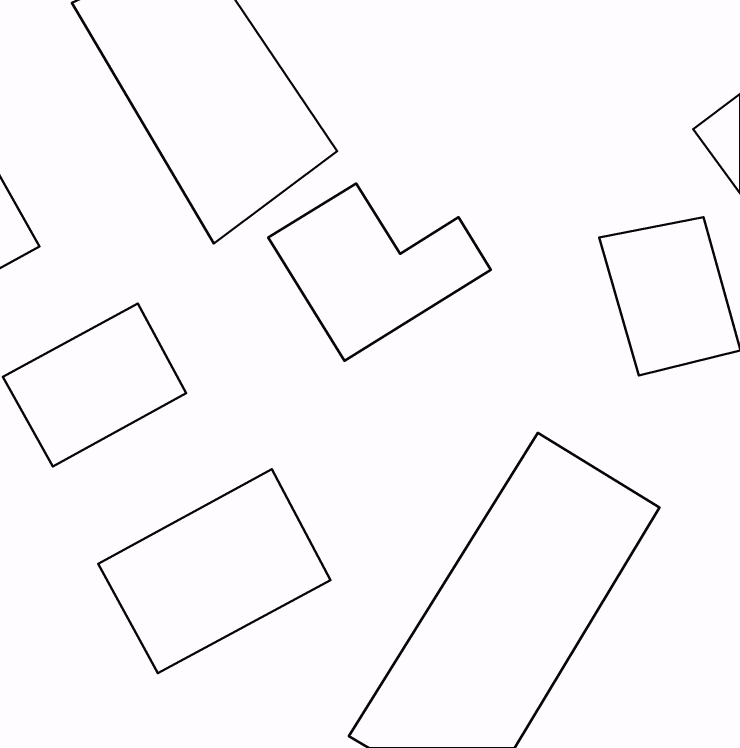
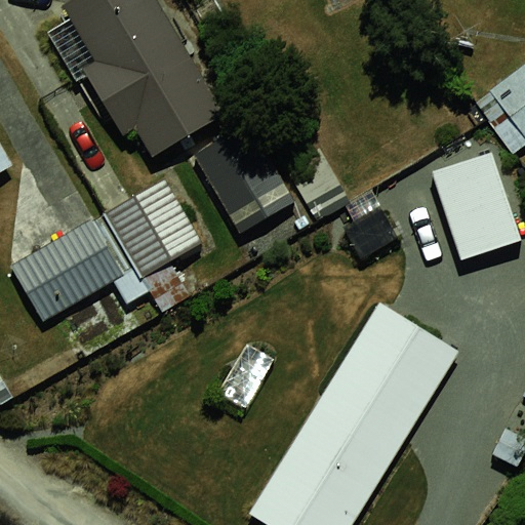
building: none -> [120,183,208,276]
building: [98,469,331,673] -> none

